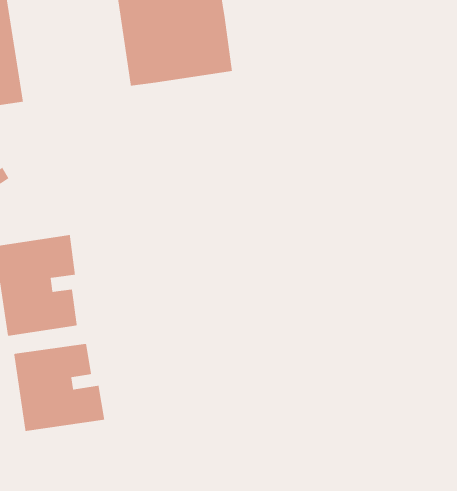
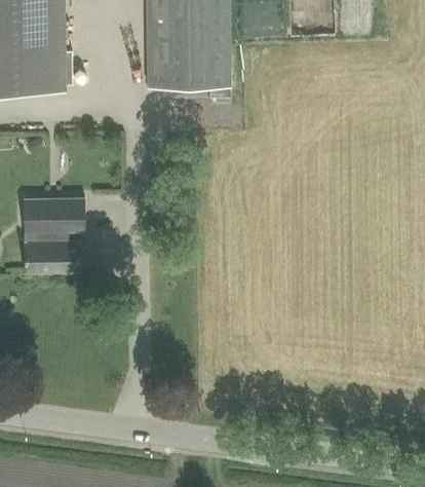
building: [13,342,105,432] -> none

